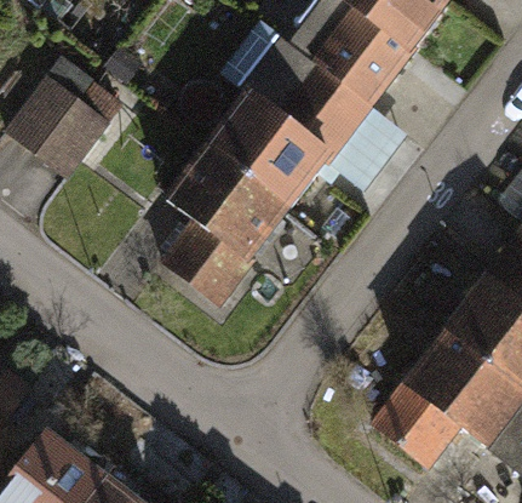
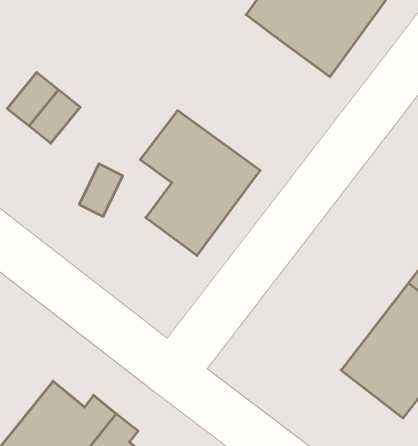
building: [229,44,398,192] -> none

